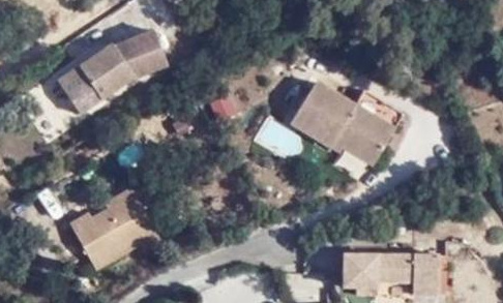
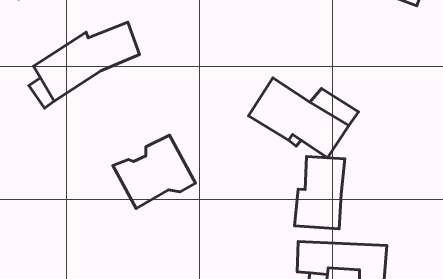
building: none -> [295,157,345,229]
building: [71,186,159,264] -> [113,135,196,208]

